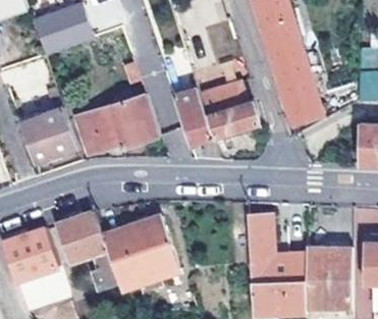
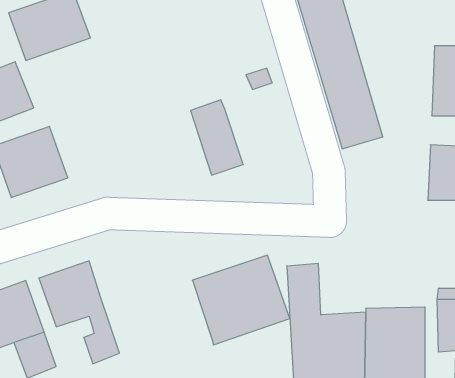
building: [199,82,257,137] -> none
building: [76,93,159,155] -> none
building: [102,217,177,286] -> [192,255,290,345]

